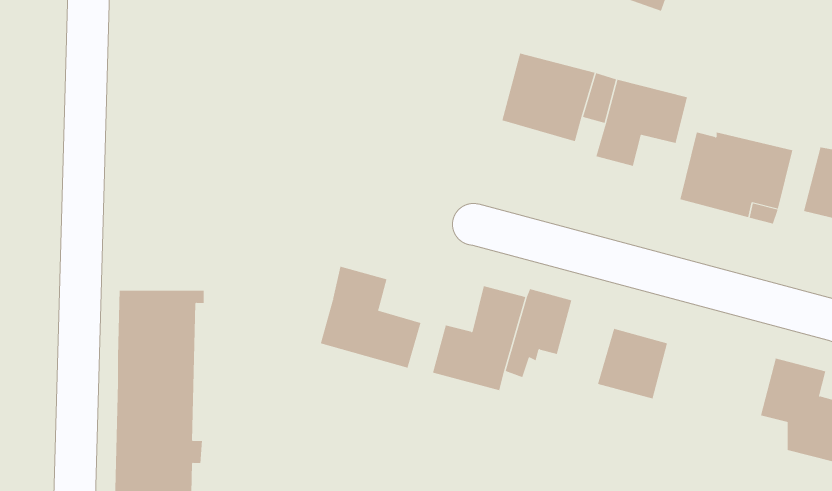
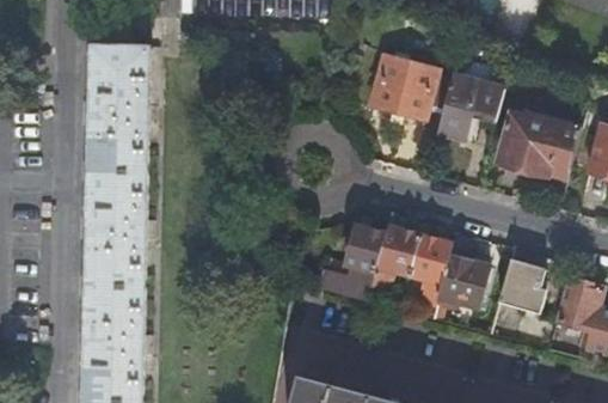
building: none -> [90,38,159,227]
building: [320,266,421,368] -> none
building: none -> [407,234,452,304]
building: none -> [497,257,545,312]

